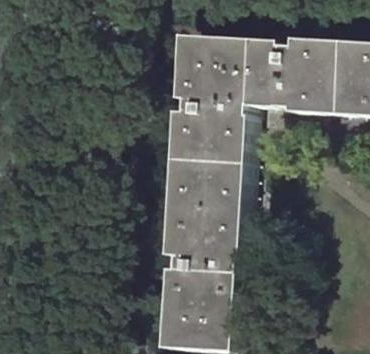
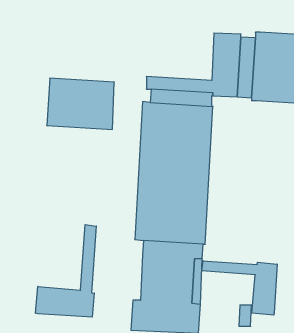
building: [182,36,252,89] -> [47,78,114,129]
building: none -> [36,225,96,317]
building: none -> [202,261,277,315]

